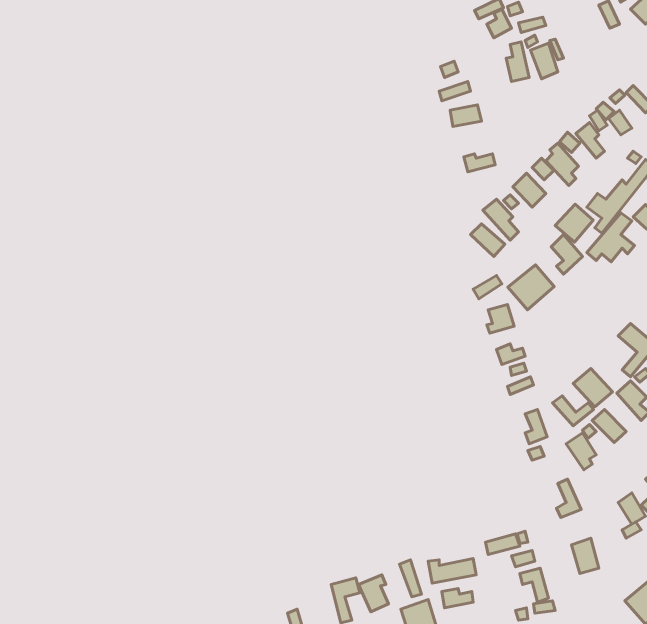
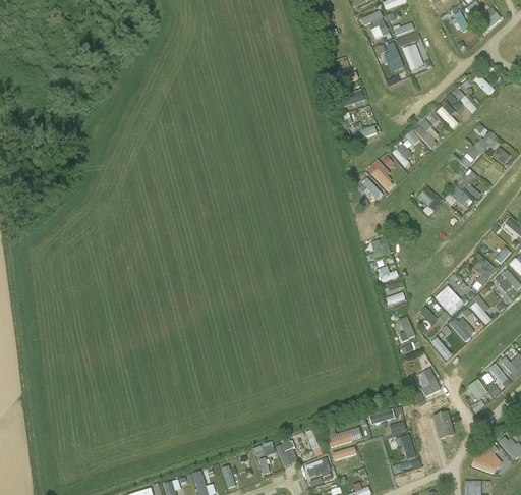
building: [555,204,593,242] -> none
building: [508,265,554,310] -> none

